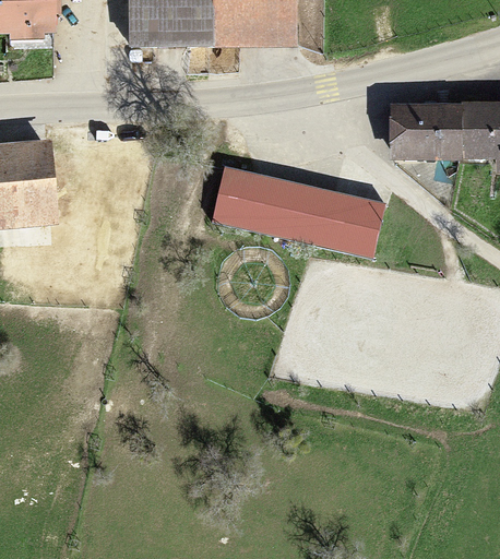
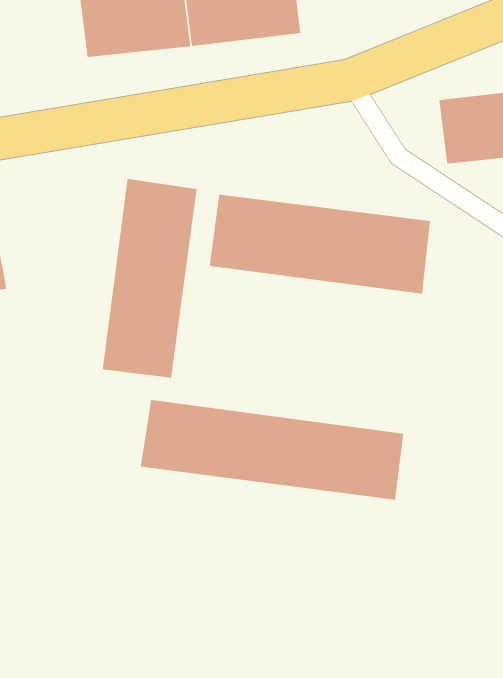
building: none -> [102,178,197,379]
building: none -> [140,399,404,500]

